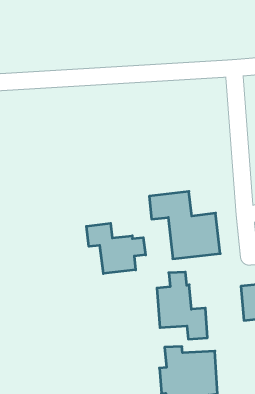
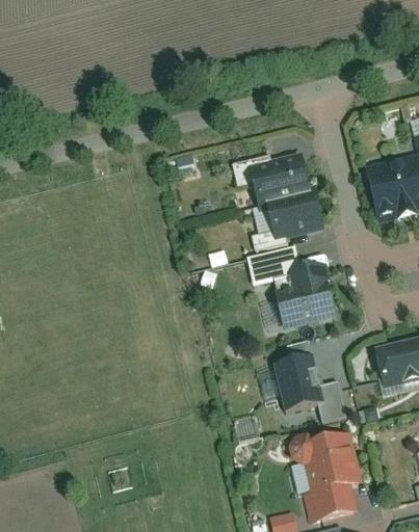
building: none -> [230,143,330,239]
building: [86,223,146,274] -> none

